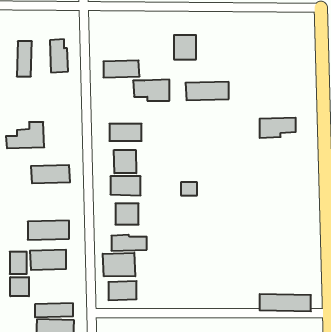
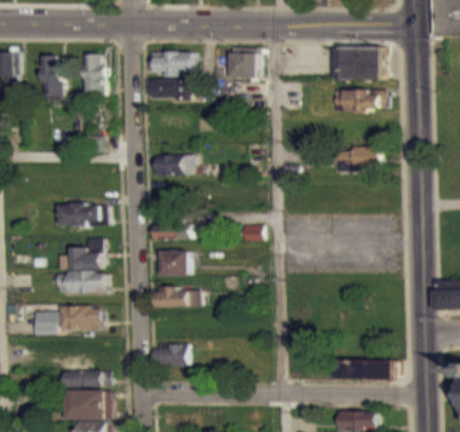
building: none -> [332,47,381,80]
building: [133,80,169,101] -> [149,51,192,76]
building: [185,82,229,100] -> [332,90,384,111]
building: [6,122,44,148] -> [56,238,102,270]
building: [114,150,136,173] -> none
building: [103,253,135,276] -> none
building: [10,277,29,296] -> none

